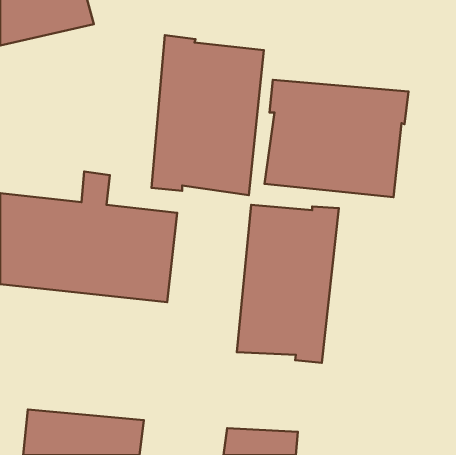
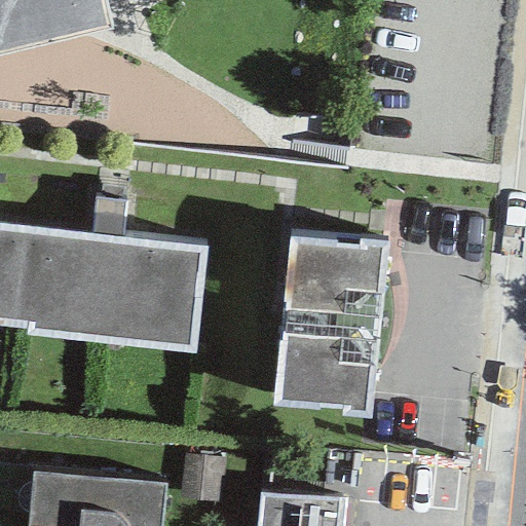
building: [151,35,264,195] -> none
building: [264,80,409,197] -> none

